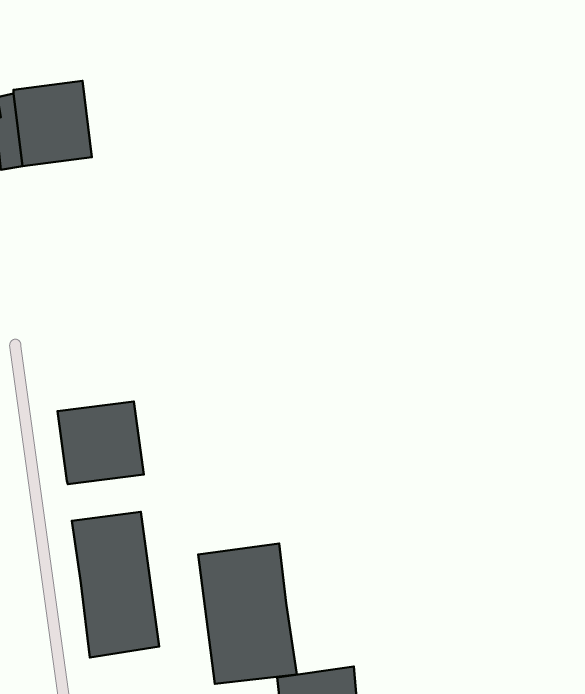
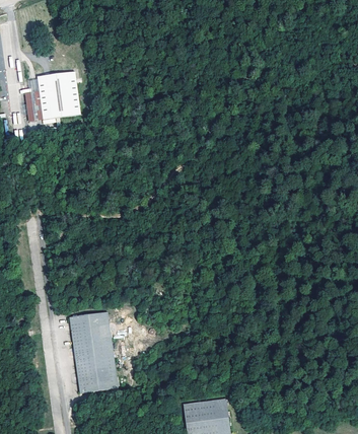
building: [58,402,144,484] -> none
building: [198,544,297,684] -> none

